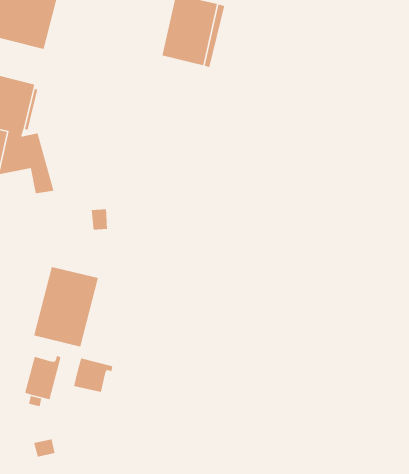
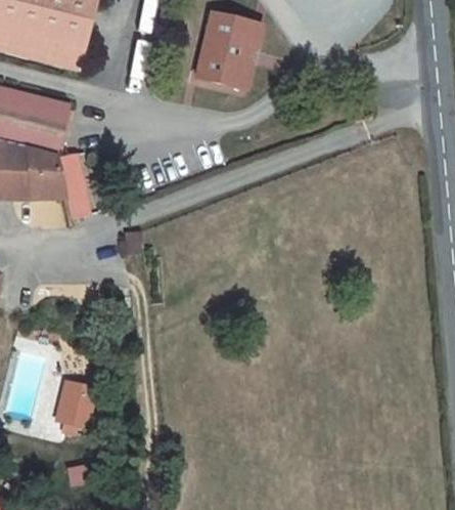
building: [33,266,99,348] -> none
building: [73,357,113,393] -> none

